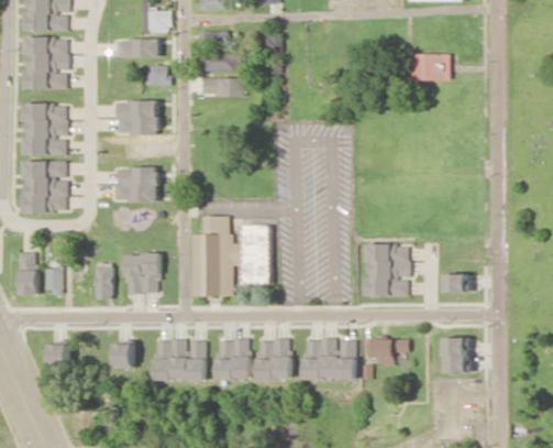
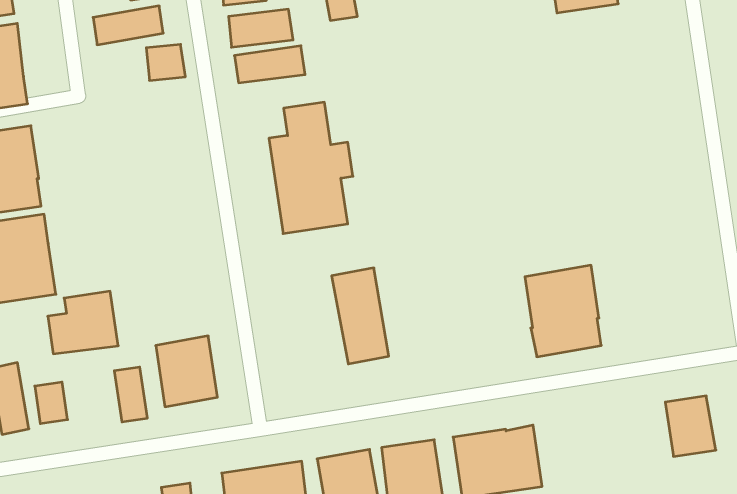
building: [114,100,158,135] -> none
building: [115,167,157,203] -> [48,291,118,354]
building: [191,217,241,296] -> [269,102,353,234]
building: [441,274,467,293] -> none
building: [368,339,408,367] -> none

